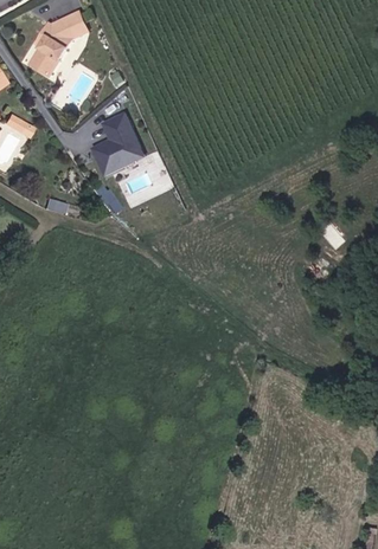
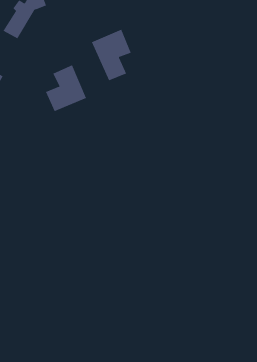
building: none -> [91,29,132,81]

